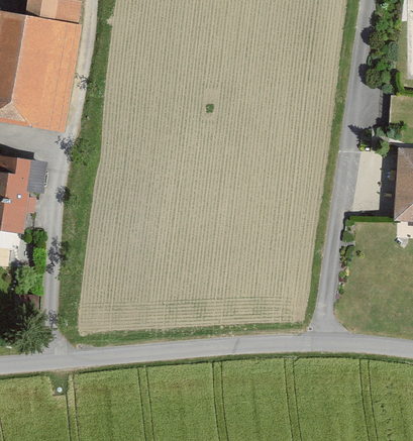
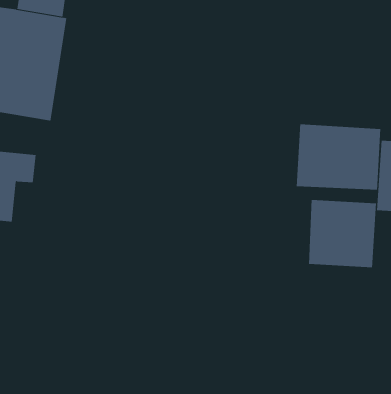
building: none -> [296,123,381,191]
building: none -> [308,199,376,268]

